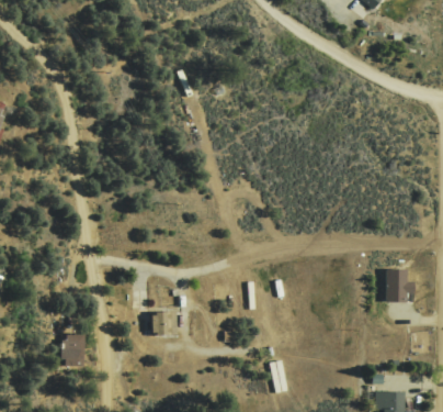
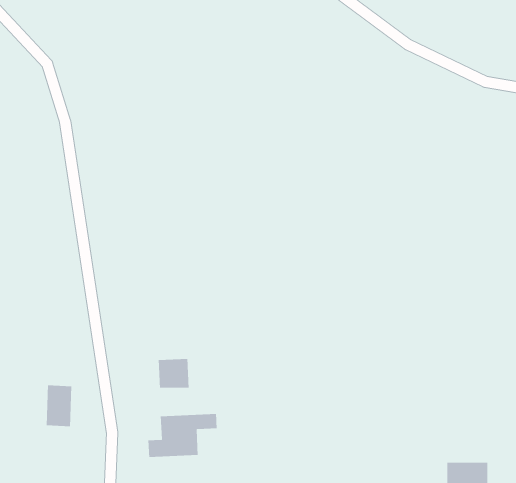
building: [388,268,416,303] -> none
building: none -> [148,413,218,458]

